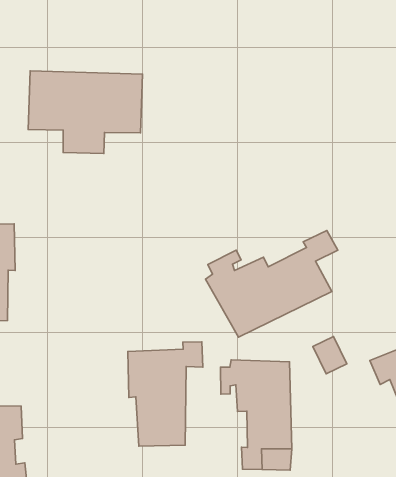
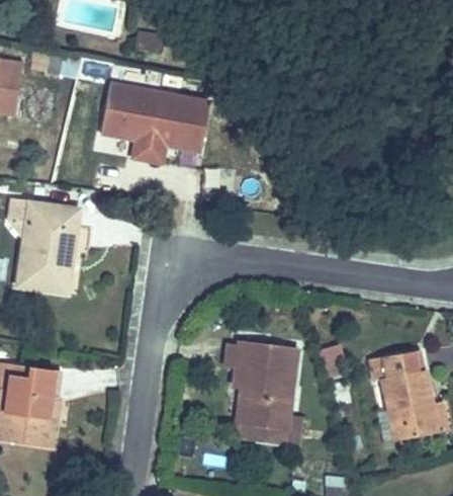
building: [206,230,338,337] -> none
building: [128,342,203,446] -> none

